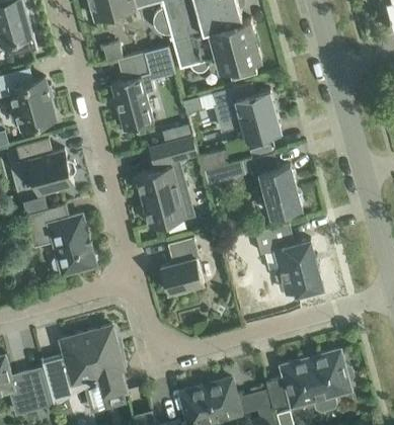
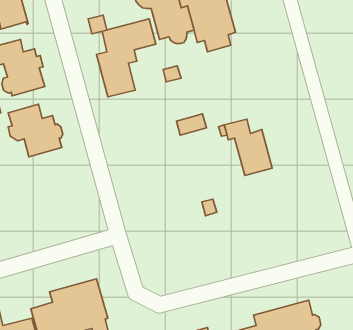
building: [213,83,281,142] -> none
building: [149,137,198,167] -> none
building: [136,168,185,228] -> none
building: [24,205,95,275] -> none
building: [254,224,323,294] -> none
building: [161,239,204,295] -> none

